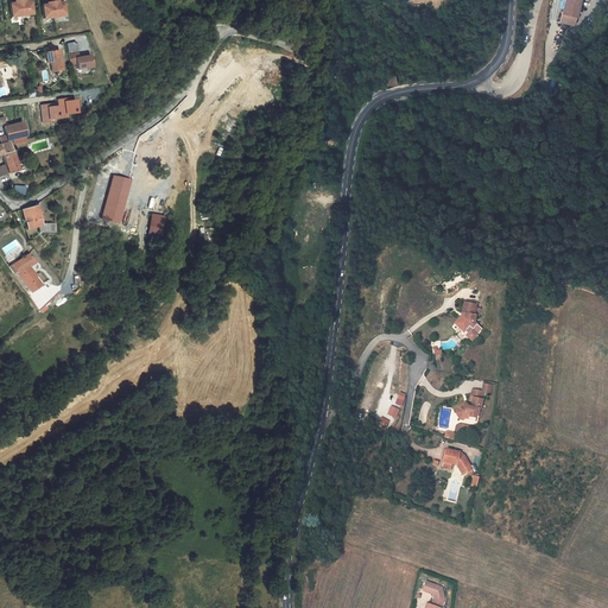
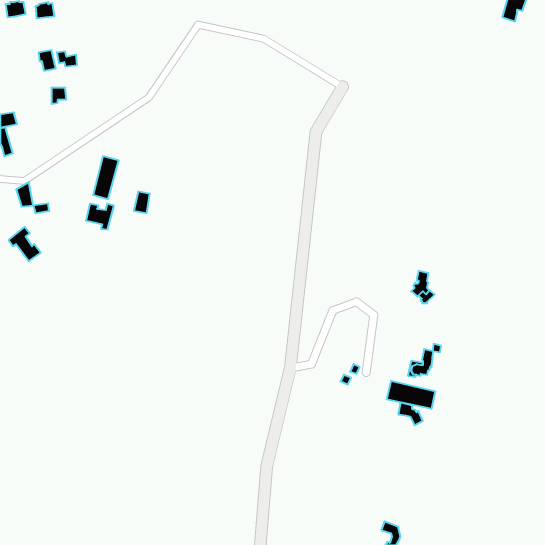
building: none -> [86,204,114,230]
building: none -> [387,381,435,409]

